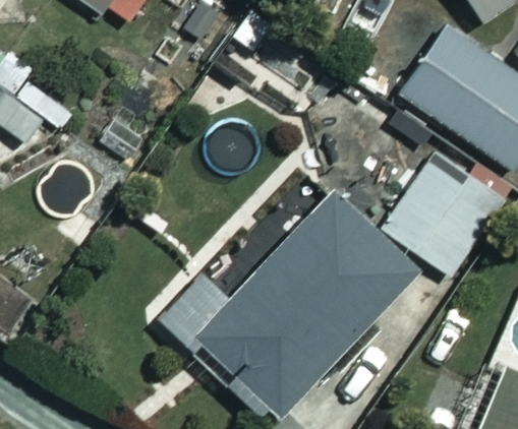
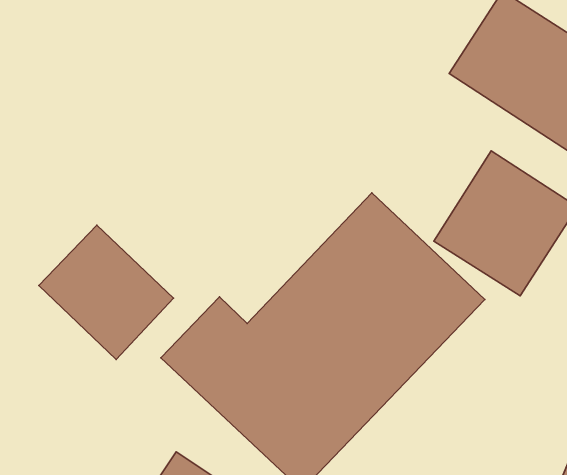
building: none -> [39,225,174,360]

